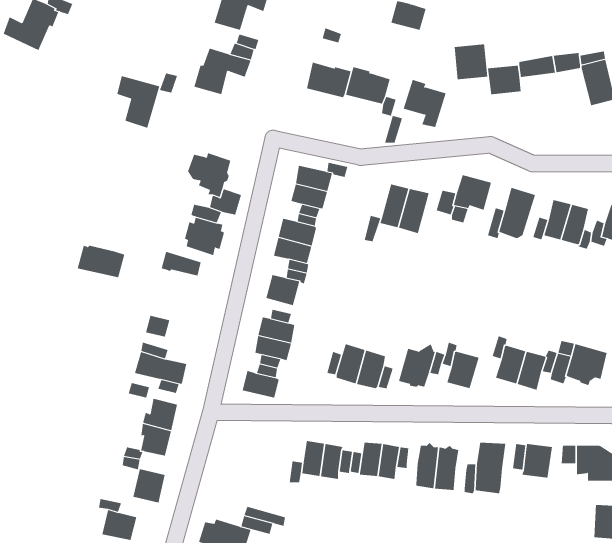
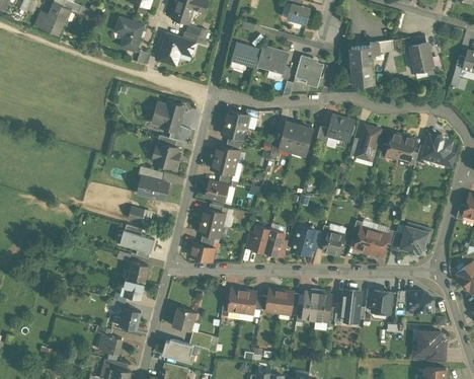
building: [454,44,488,80] -> [351,63,374,86]
building: [117,75,160,129] -> [116,17,145,52]
building: [77,245,125,278] -> [137,178,168,200]
building: none -> [173,307,196,331]

